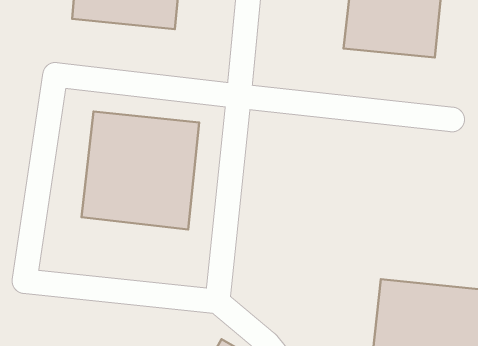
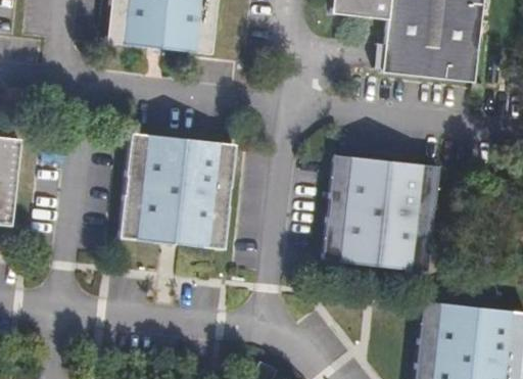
building: none -> [320,153,441,275]

